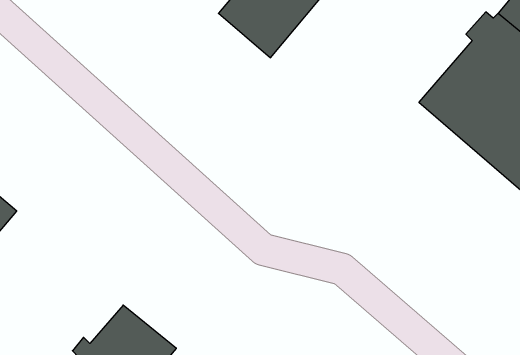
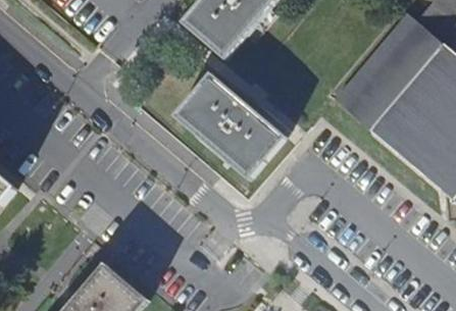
building: none -> [173,73,285,179]

